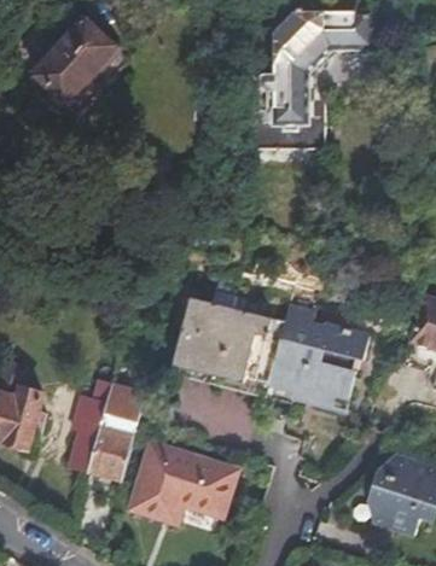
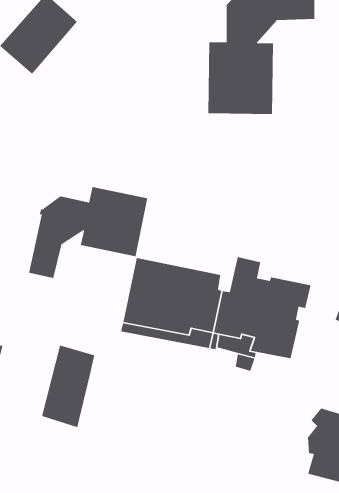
building: none -> [28,186,148,279]
building: [66,381,104,465] -> none
building: [134,445,234,513] -> none

